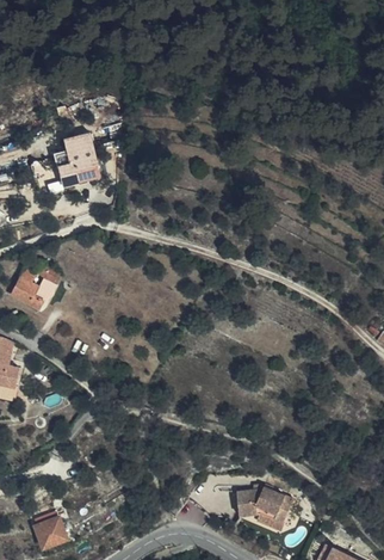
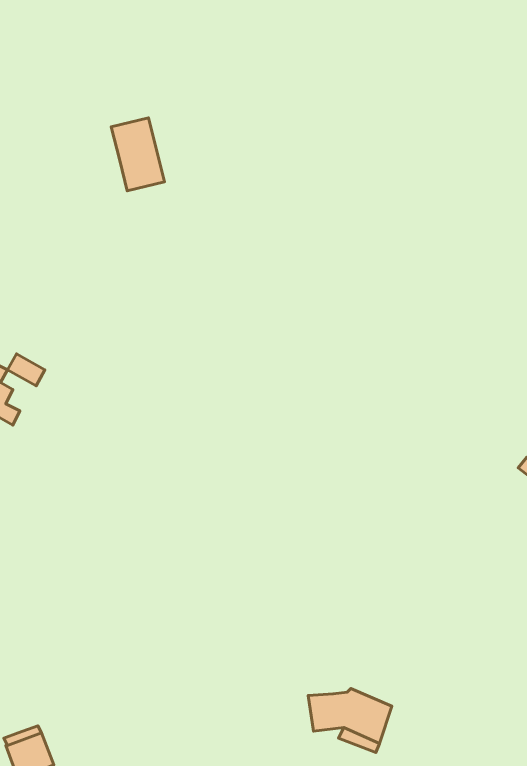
building: [63,134,99,183] -> [111,118,164,191]

